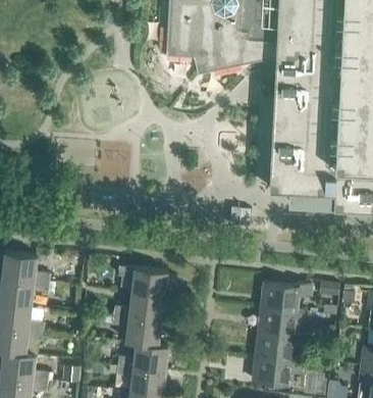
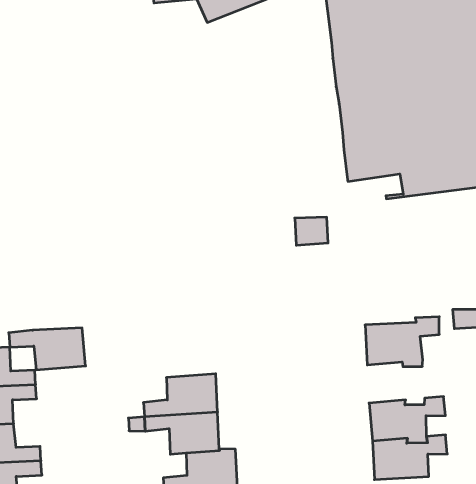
building: [118,267,166,297] -> [9,328,86,370]
building: [258,308,309,340] -> none

